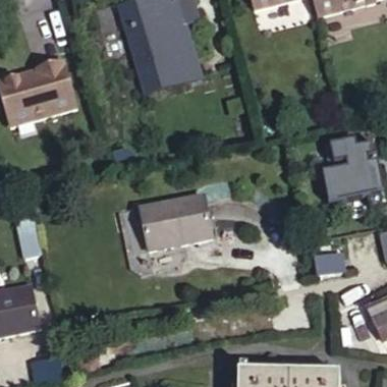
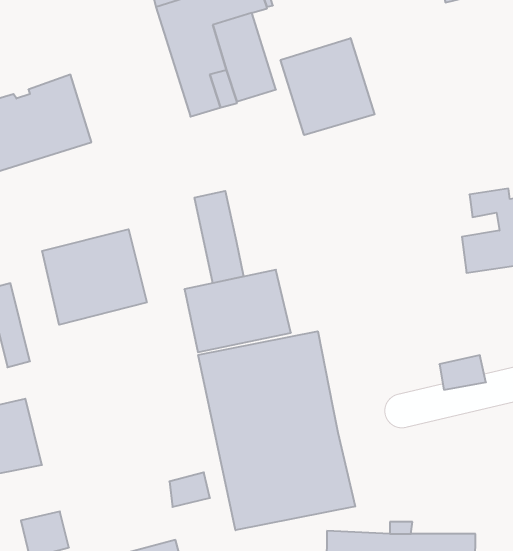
building: none -> [281,38,375,135]
building: none -> [195,191,243,283]
building: none -> [42,229,147,325]
building: none -> [198,331,355,530]

